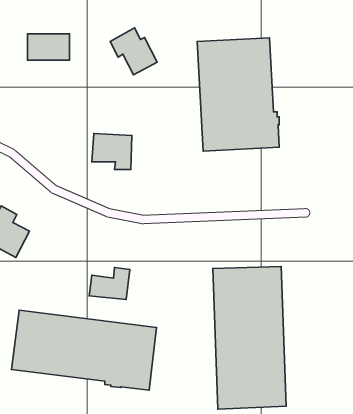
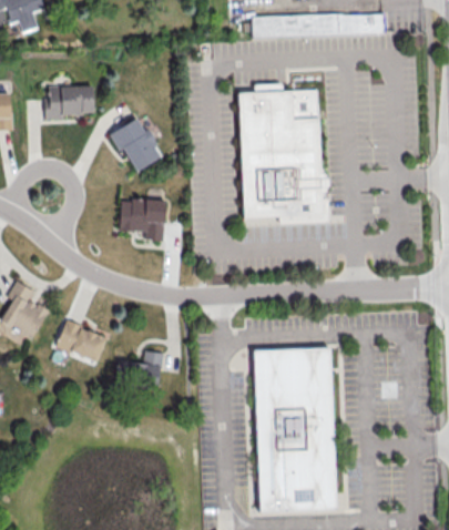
building: [110,28,157,75] -> [108,118,161,171]
building: none -> [54,319,105,363]
building: [12,310,157,390] -> none

